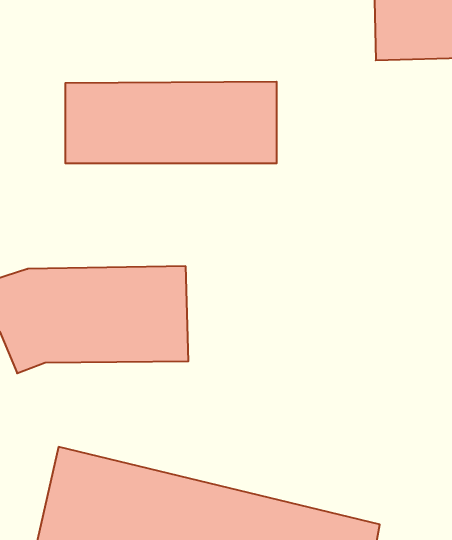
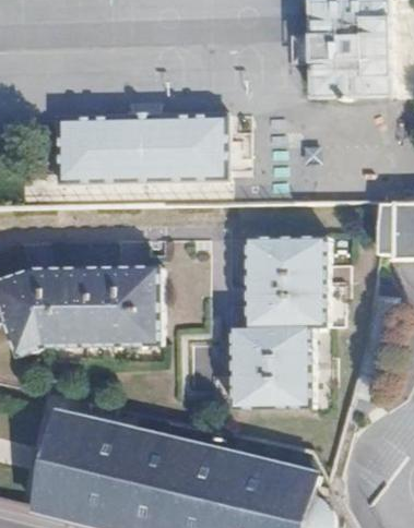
building: none -> [246,239,324,410]

